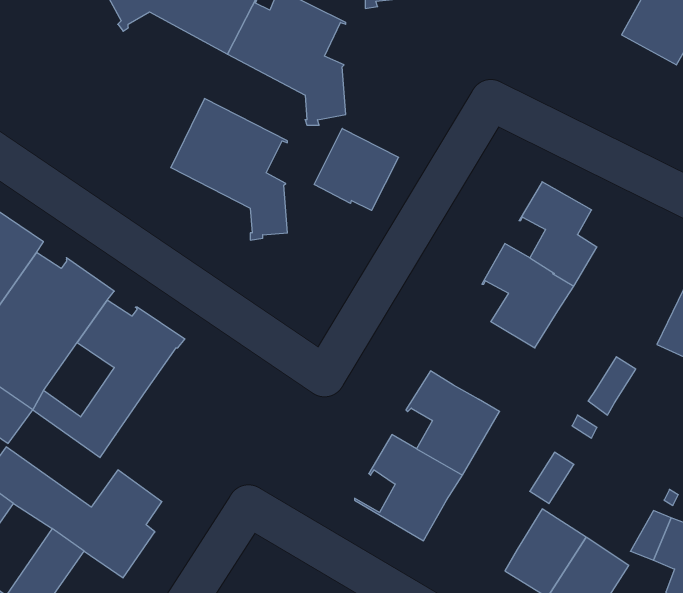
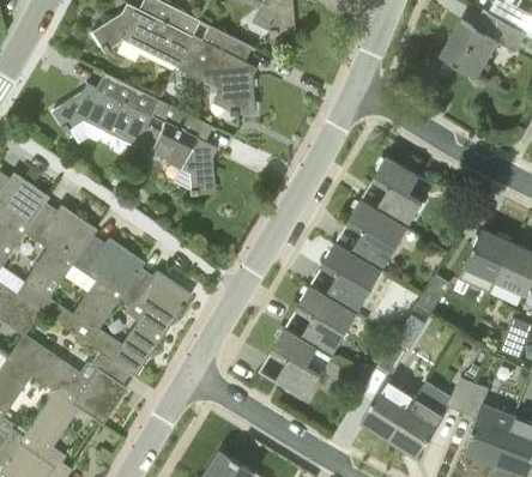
building: none -> [53,73,157,146]
building: [314,128,399,210] -> none
building: none -> [320,241,381,312]
building: none -> [86,268,191,378]

